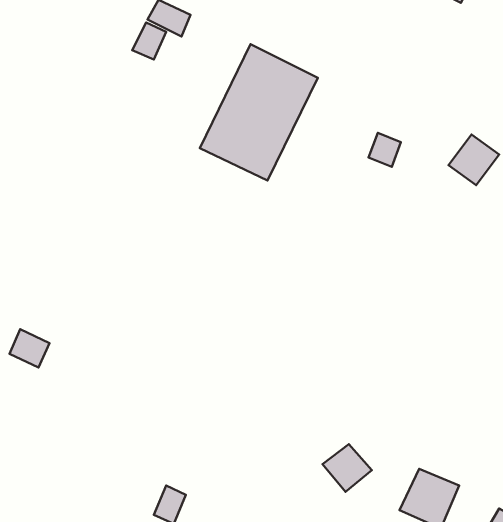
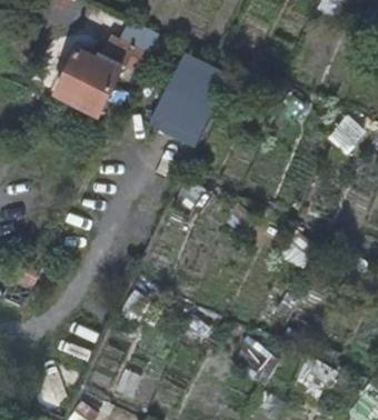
building: none -> [54,49,119,114]

